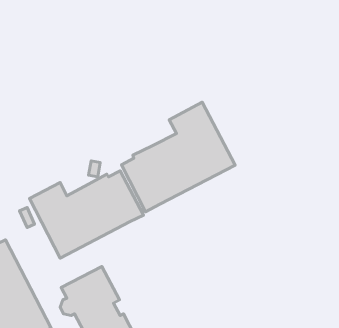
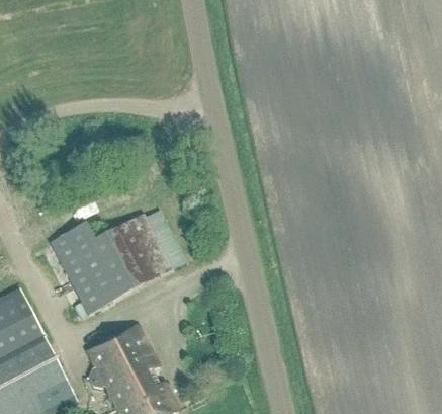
building: [122,102,235,212] -> none

